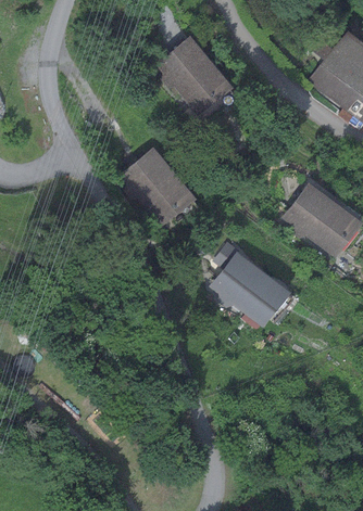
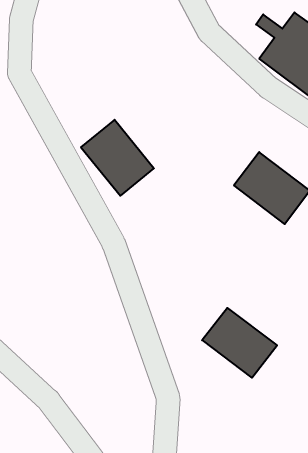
building: [157,36,234,117] -> none
building: [210,253,290,328] -> [202,308,277,378]

